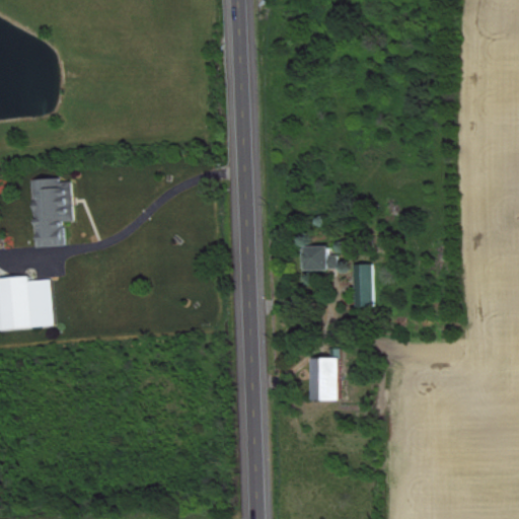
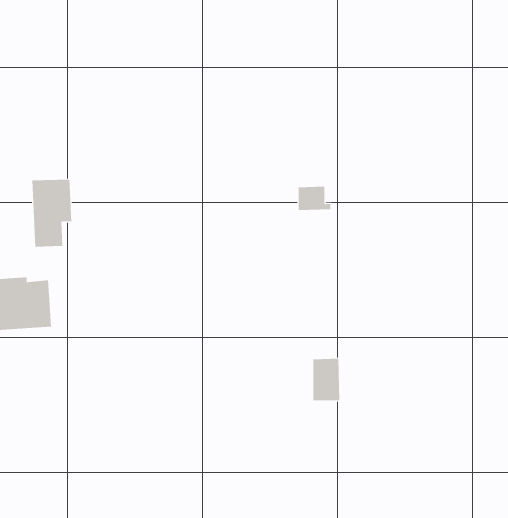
building: [301,245,335,270] -> [298,186,331,211]
building: [352,264,371,307] -> none

